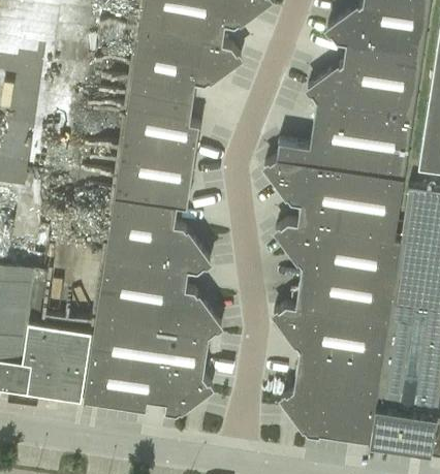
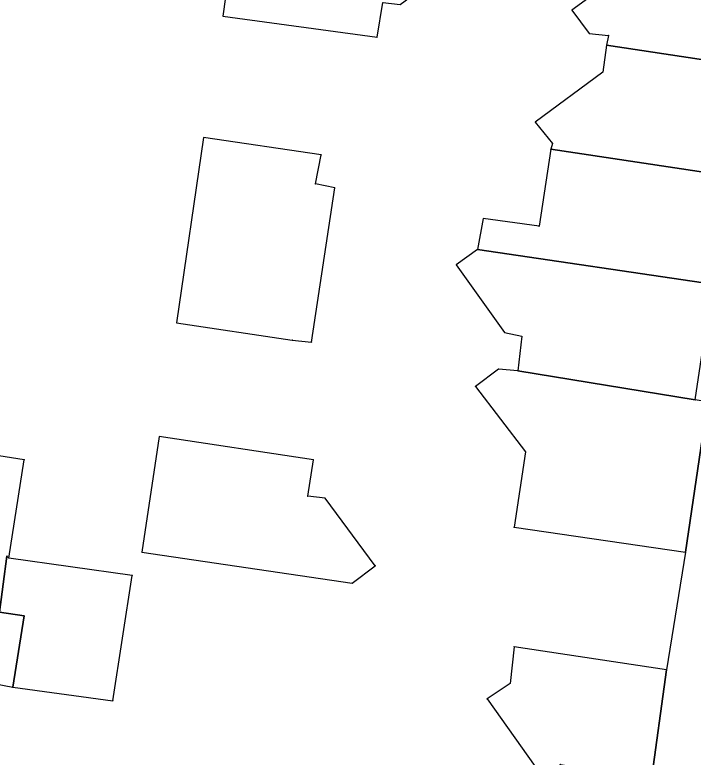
building: [129,35,241,109] -> none
building: [105,199,210,274] -> none
building: [273,307,387,385] -> none
building: [84,322,212,416] -> none

